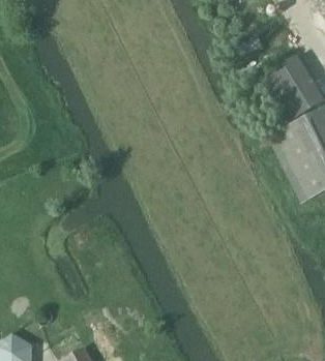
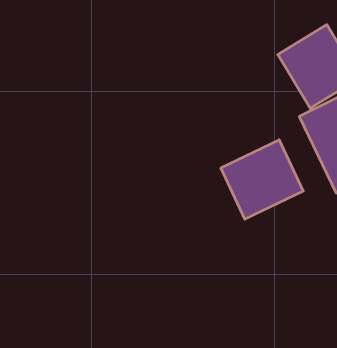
building: none -> [221,140,303,219]

